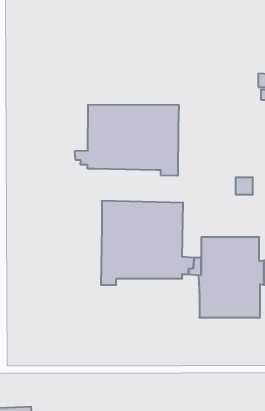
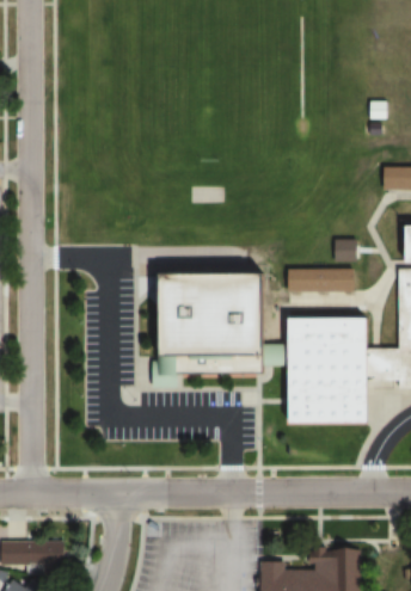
building: [75,105,179,176] -> none
building: none -> [289,267,356,294]

